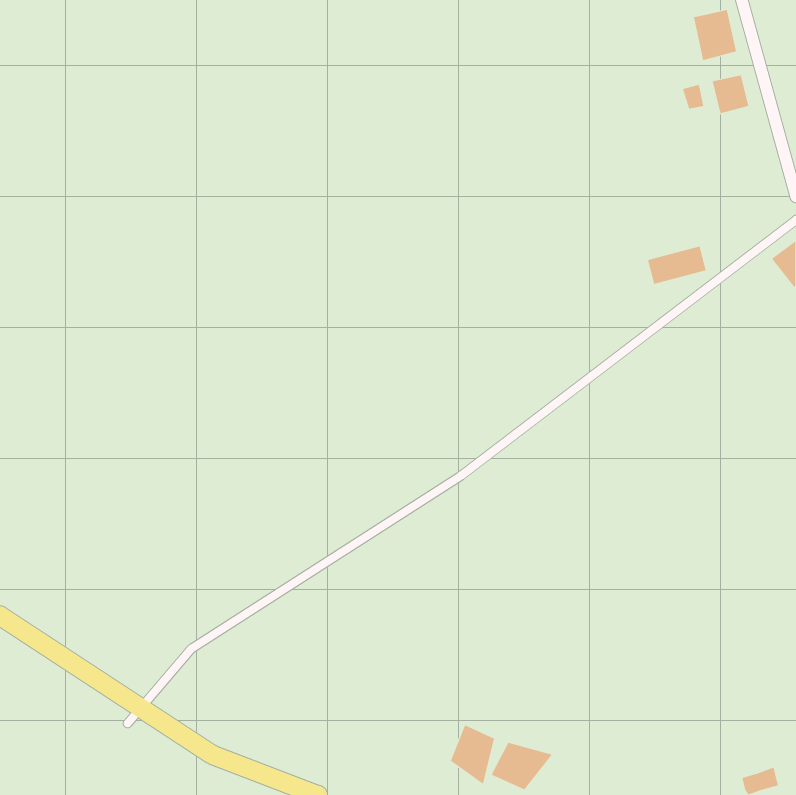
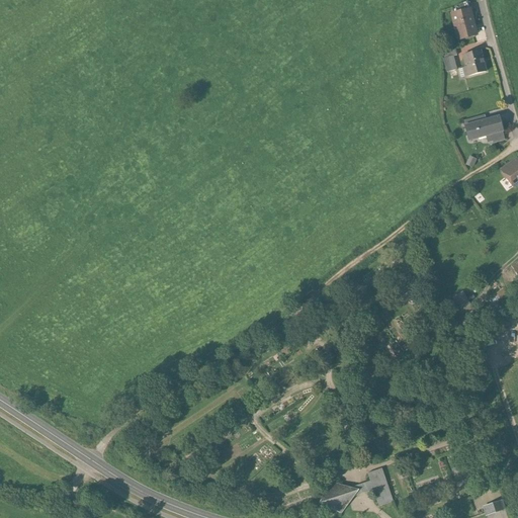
building: [647,246,706,285] -> [464,113,503,139]
building: none -> [367,467,395,507]
building: [450,725,494,785] -> none

